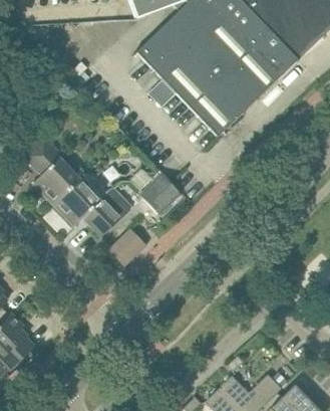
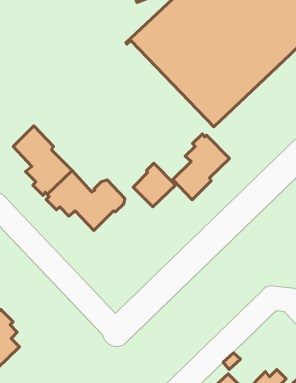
building: none -> [173,134,230,200]
building: [107,228,146,266] -> none

